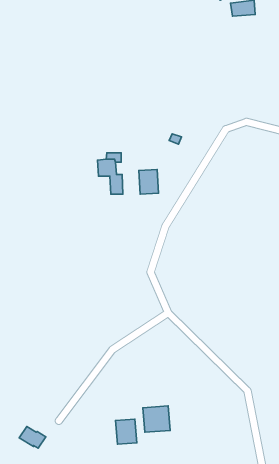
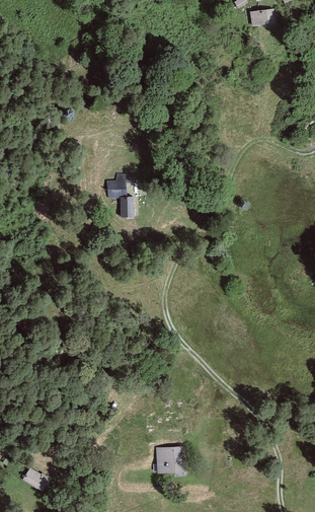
building: [139,170,159,194] -> none
building: [116,419,137,444] -> none

